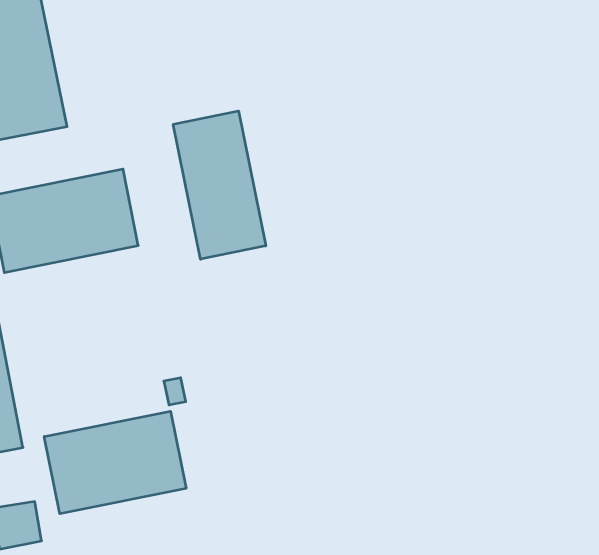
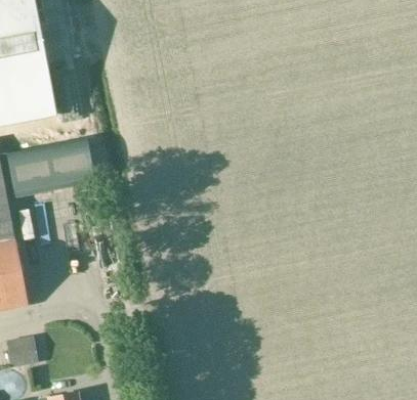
building: [173,111,266,259] -> none
building: [44,411,186,514] -> none

